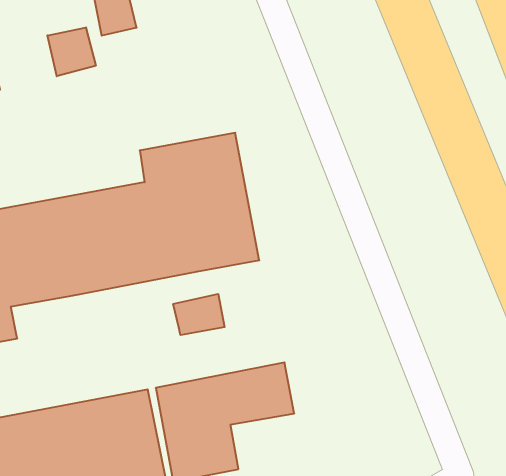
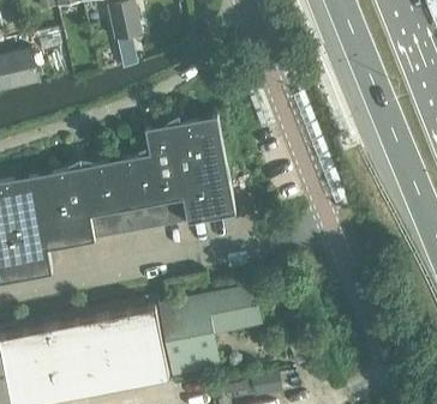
building: [47,27,96,76] -> none
building: [173,294,225,335] -> none

